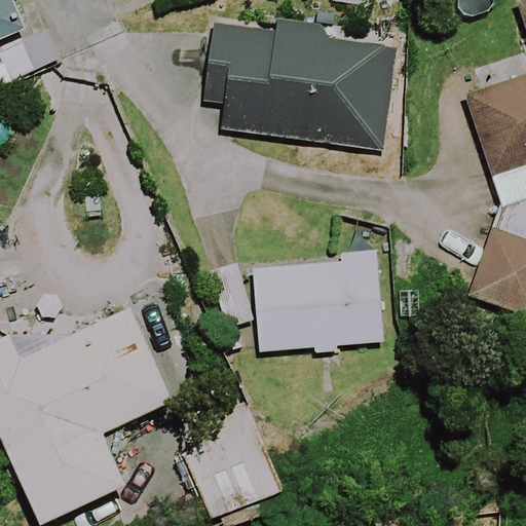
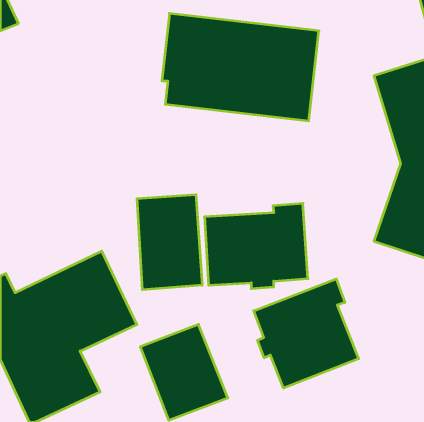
building: none -> [137,195,202,290]
building: none -> [254,279,359,388]

